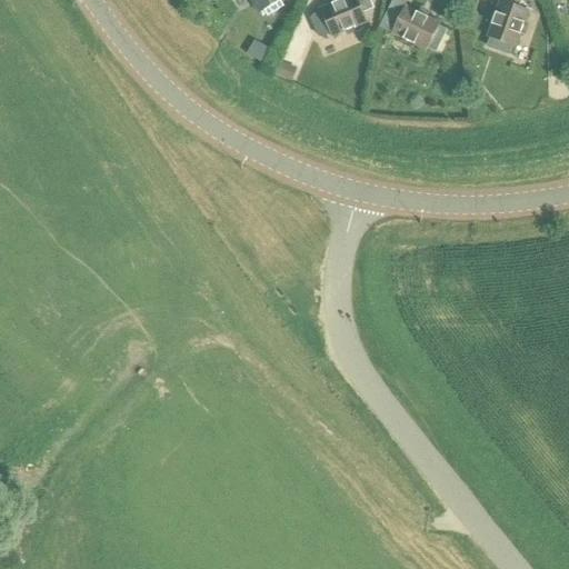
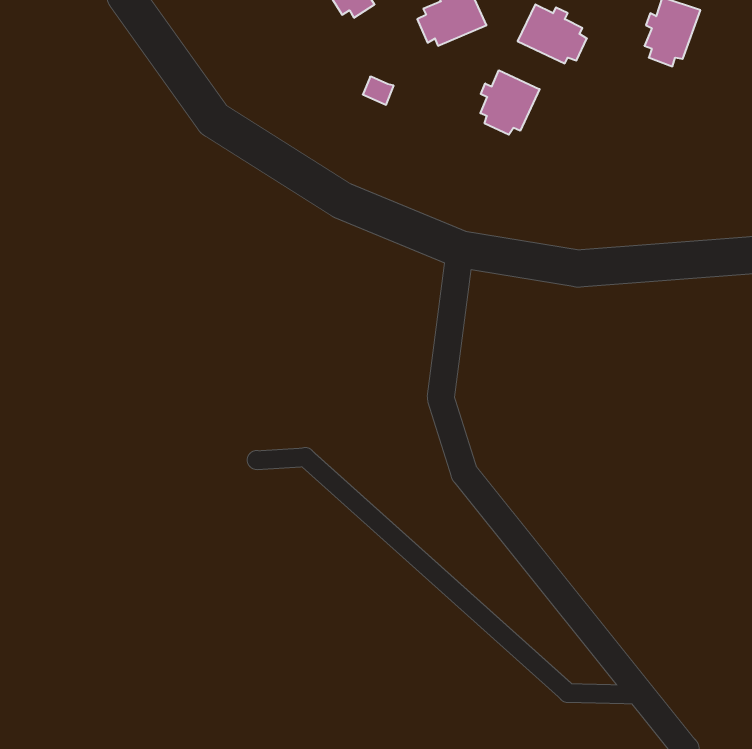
building: none -> [480,70,540,135]

